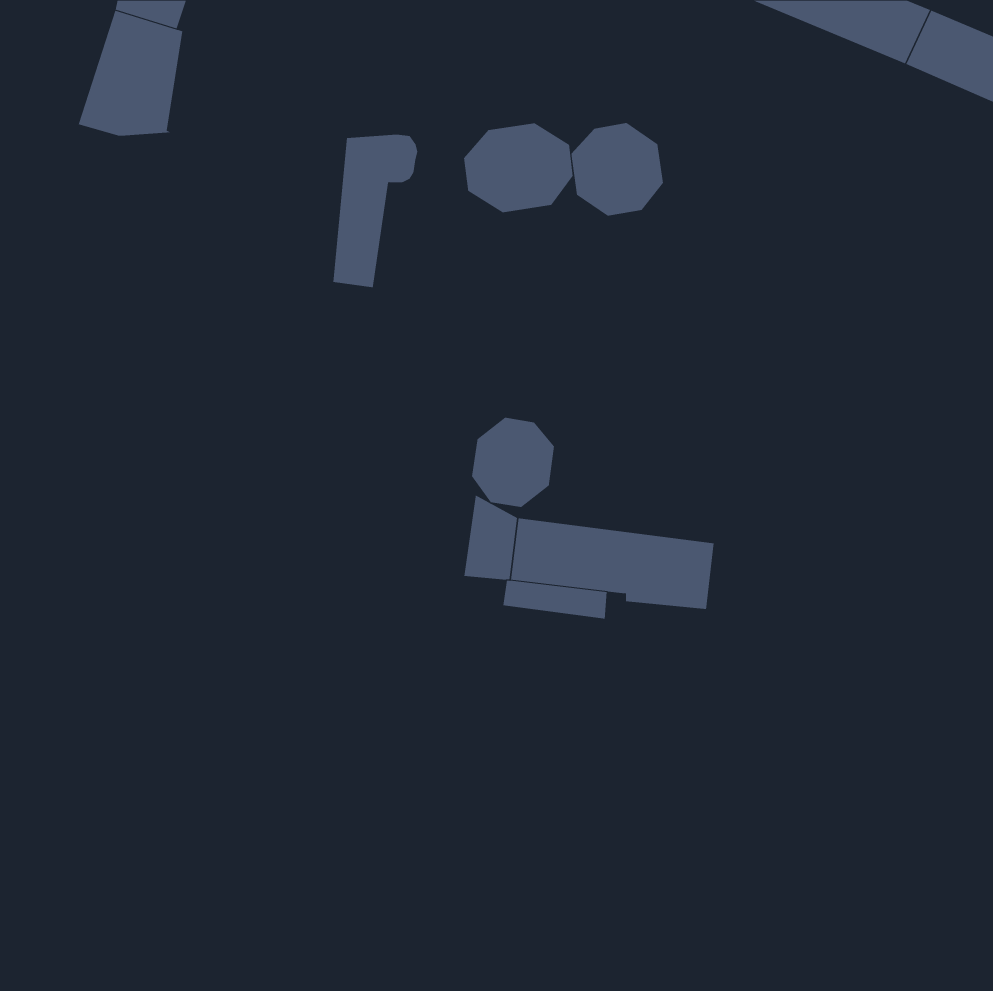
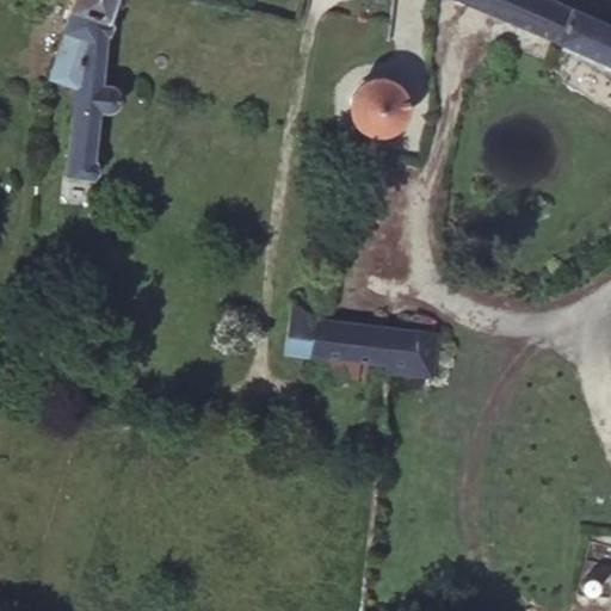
building: [464,123,573,213] -> none
building: [332,134,418,288] -> [67,84,119,178]
building: [472,417,555,508] -> none

